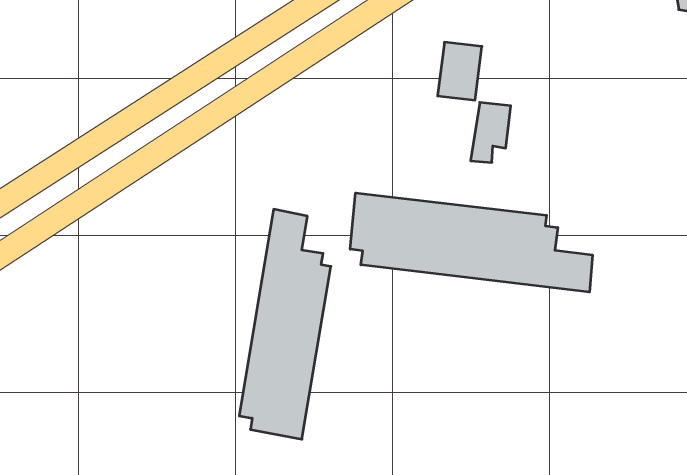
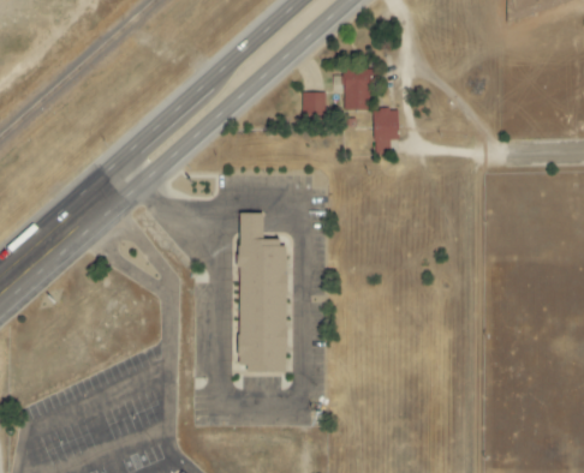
building: none -> [303,91,328,115]
building: [350,193,592,292] -> none

